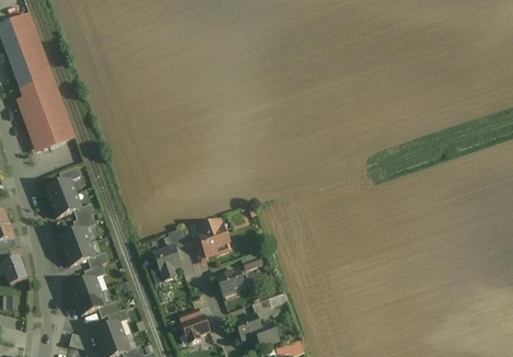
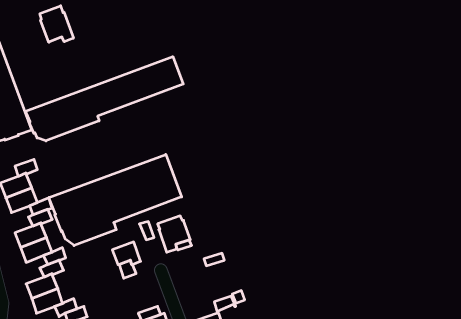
building: none -> [40,6,73,42]
building: none -> [26,57,183,141]
building: none -> [49,154,182,246]
building: [217,269,245,295] -> none

